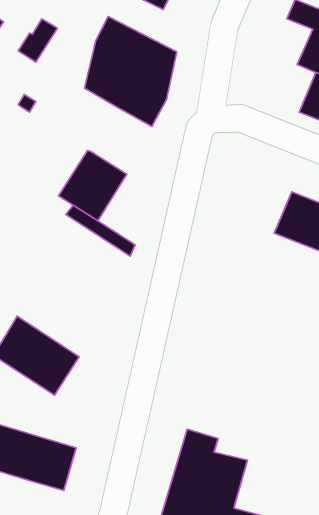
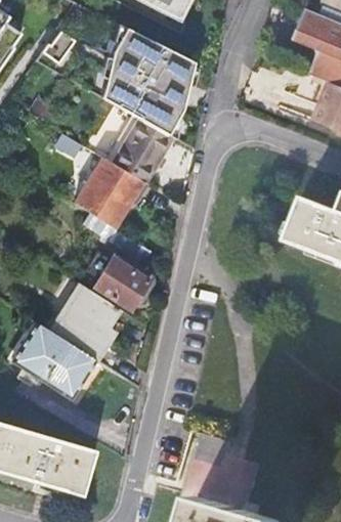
building: none -> [106,115,172,183]
building: none -> [93,258,147,309]
building: none -> [51,285,120,361]

